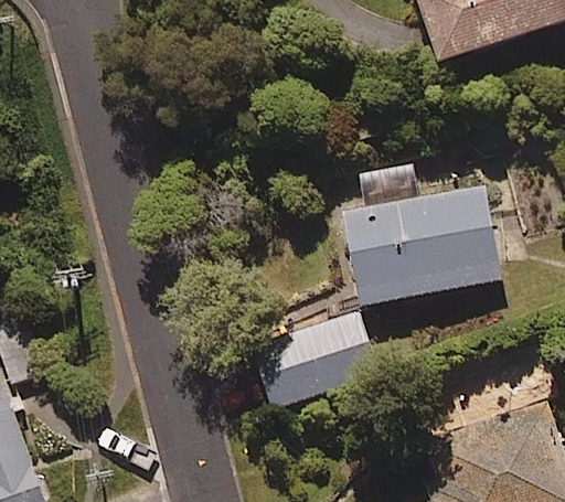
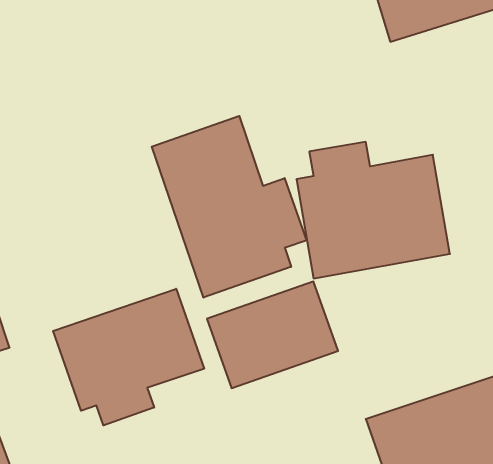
building: none -> [152,116,306,298]
building: none -> [53,289,204,425]

